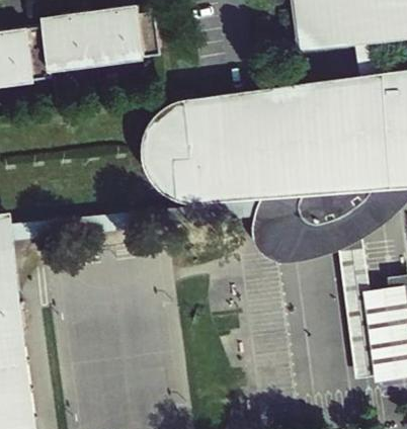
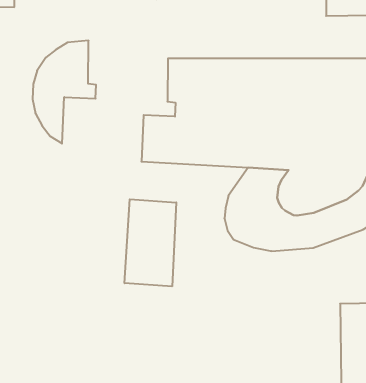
building: [132,103,187,195] -> [33,41,96,144]
building: none -> [125,199,176,286]

